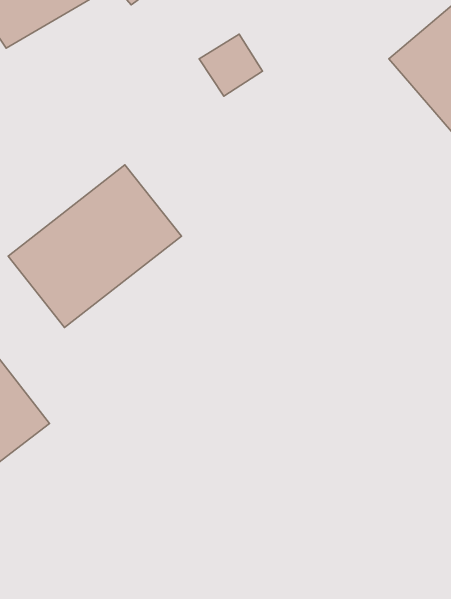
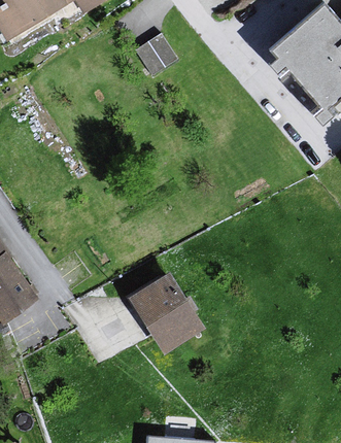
building: [8,165,181,328] -> none
building: none -> [132,280,200,352]

